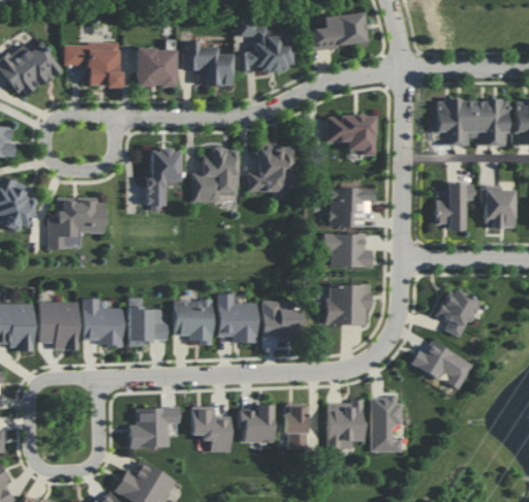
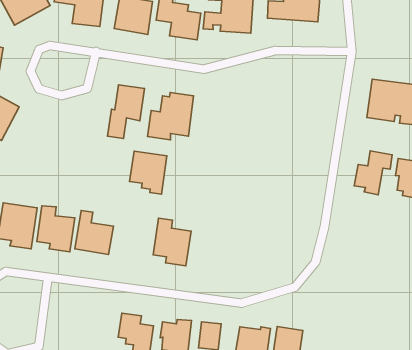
building: [326,115,375,155] -> none
building: [247,146,292,191] -> none
building: [329,187,372,227] -> none
building: [48,197,105,248] -> none
building: [322,232,373,266] -> none
building: [326,283,372,325] -> none
building: [437,287,481,336] -> none
building: [175,300,213,344] -> [130,151,167,194]
building: [262,300,303,339] -> none
building: [411,342,473,389] -> none
building: [130,407,180,447] -> none

